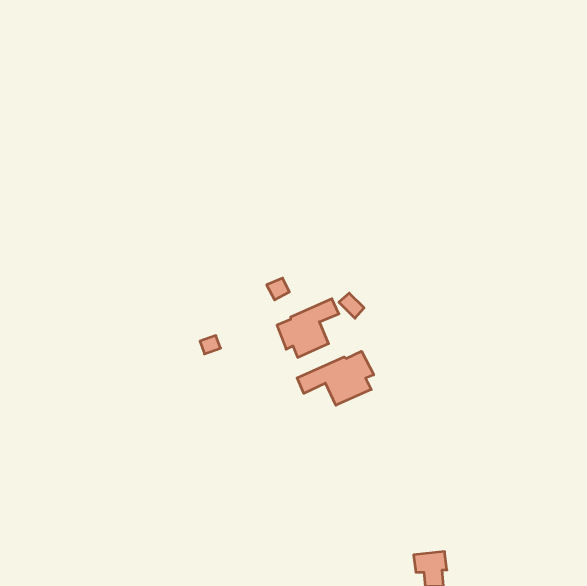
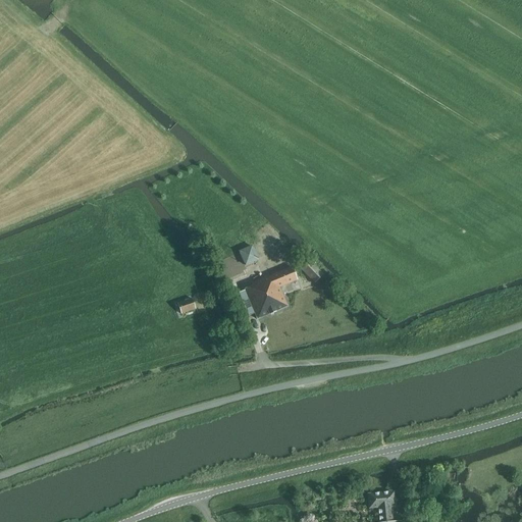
building: [297,351,374,405] -> none

